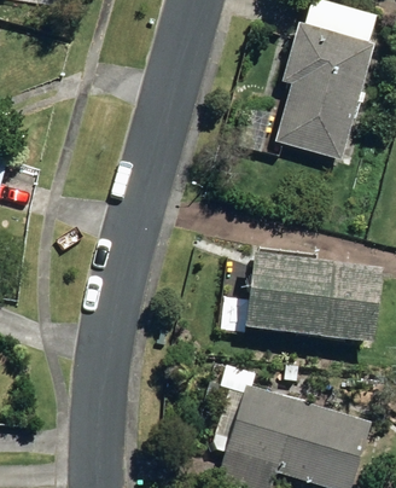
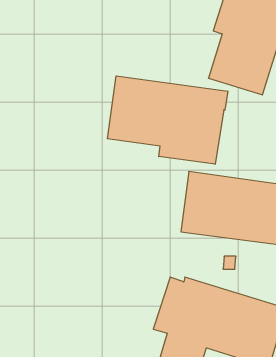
building: none -> [107,76,228,164]

